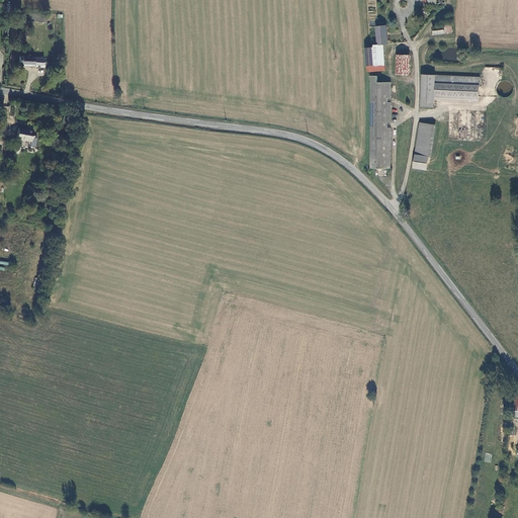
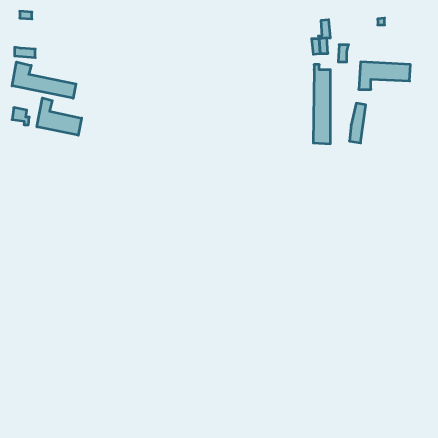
building: none -> [12,62,76,98]
building: none -> [37,98,82,135]

